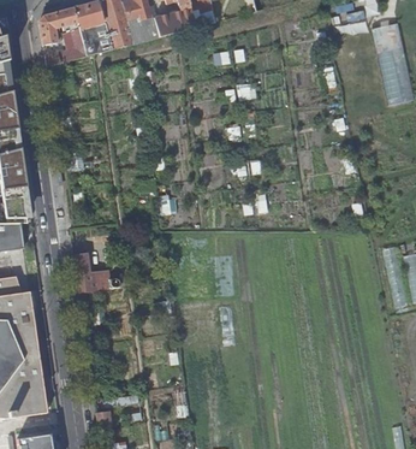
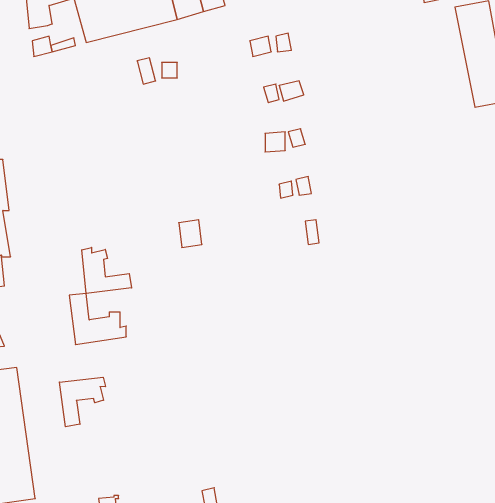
building: none -> [82,247,132,294]
building: none -> [59,377,105,427]

